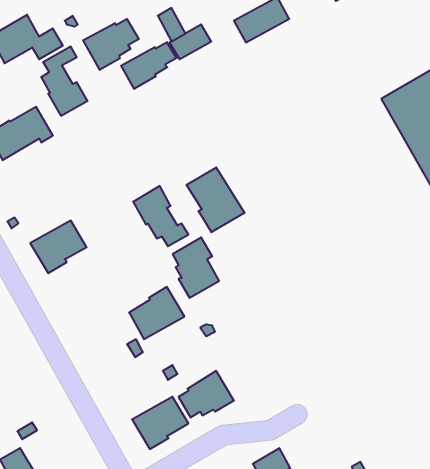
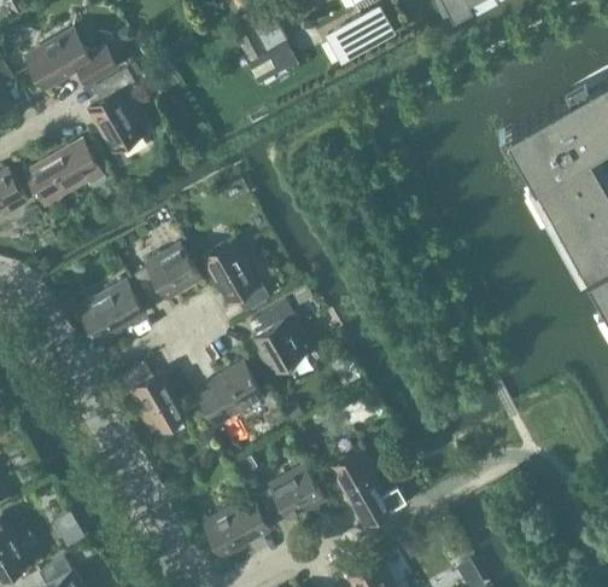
building: [83,19,139,70] -> none
building: [121,42,177,89] -> none
building: [187,167,245,232] -> none
building: none -> [134,243,201,300]
building: none -> [121,364,187,436]
building: none -> [331,448,405,524]

